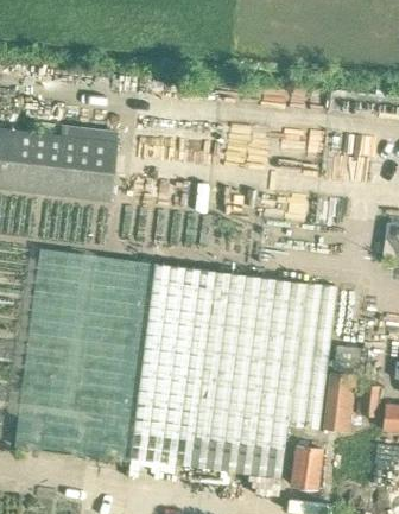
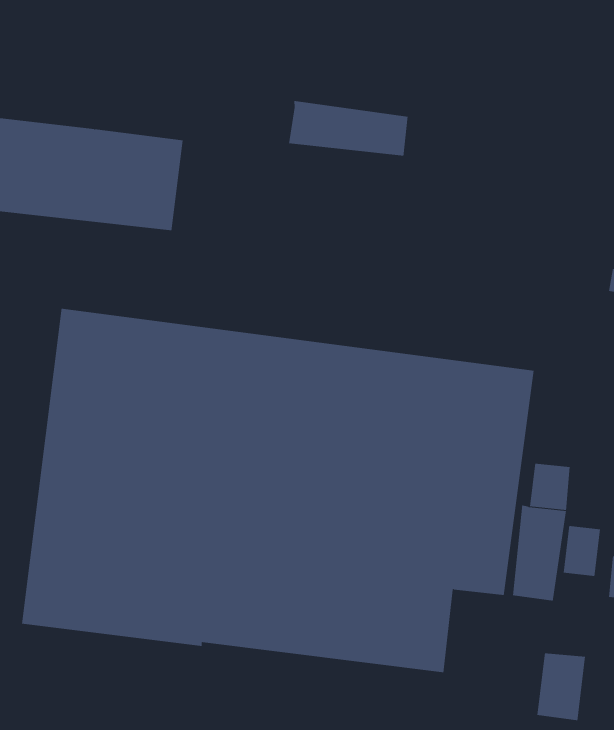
building: none -> [288,100,408,156]
building: [292,446,323,489] -> [537,653,586,721]

